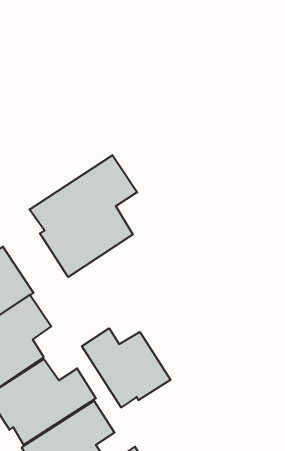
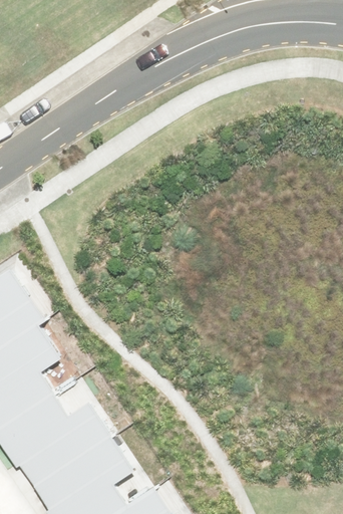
building: [29,155,137,277] -> none
building: [82,328,171,408] -> none

